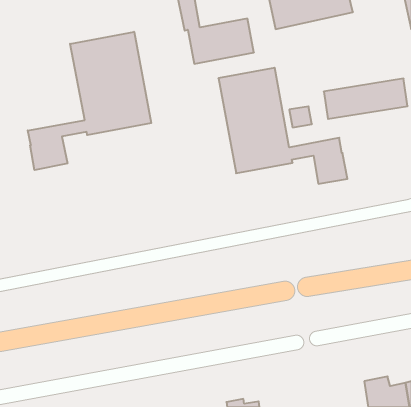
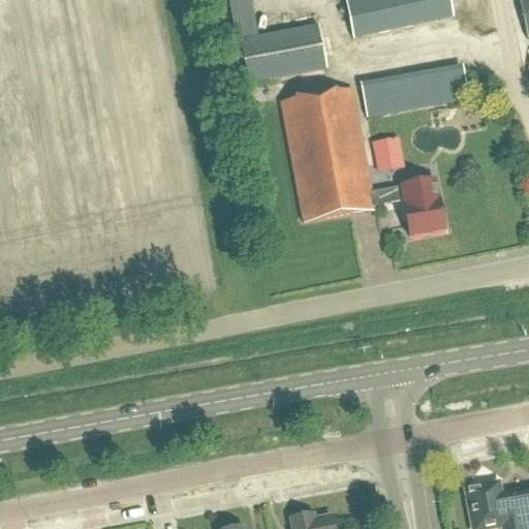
building: [28,32,151,170] -> none
building: [324,79,408,119] -> [365,62,472,114]

